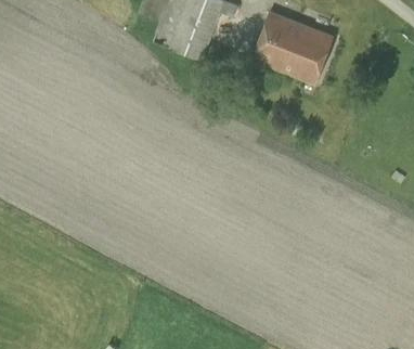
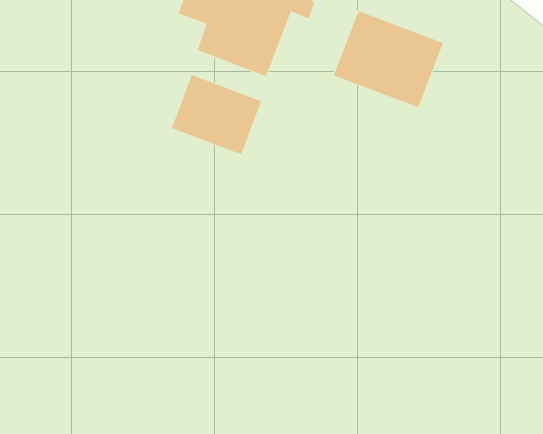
building: none -> [171,74,262,155]

